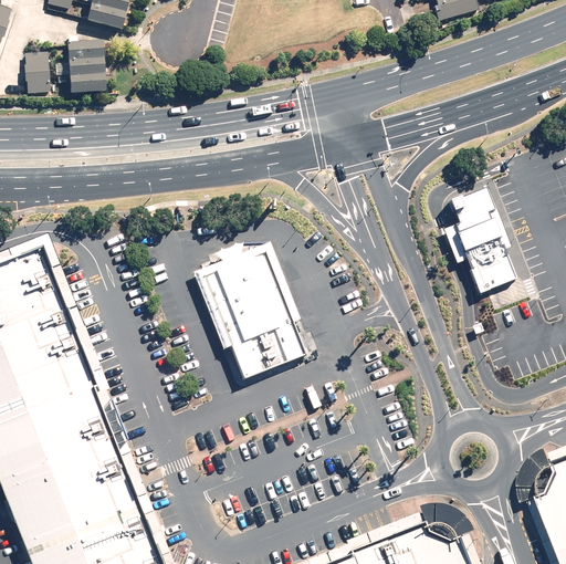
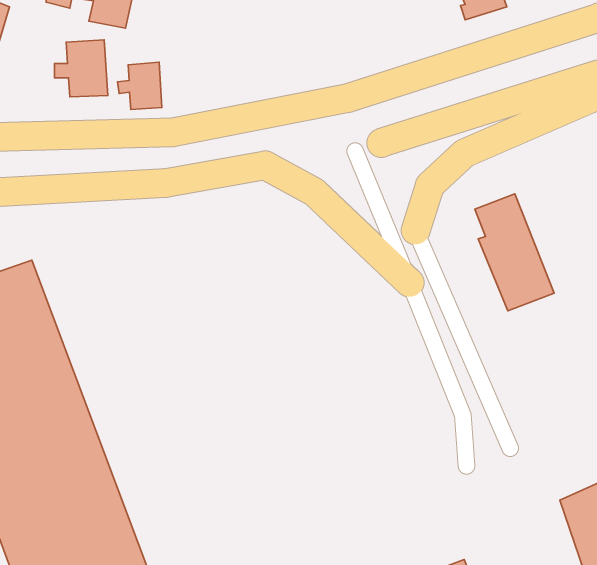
building: [27,53,51,96] -> none
building: none -> [118,62,162,109]
building: [191,244,306,382] -> none

